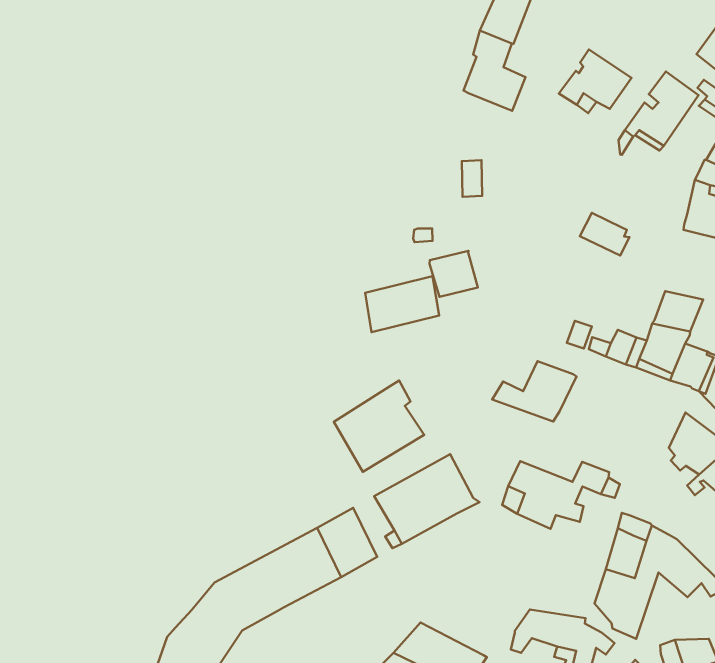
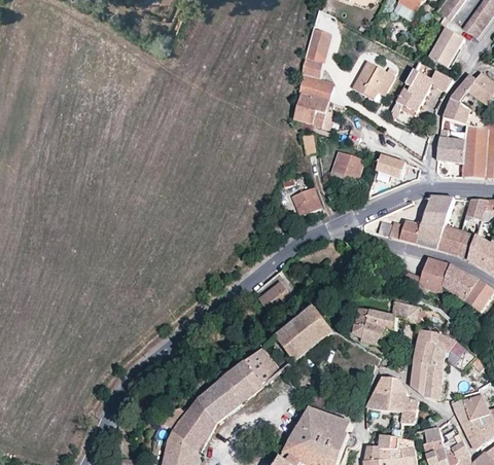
building: none -> [293,96,332,131]
building: none -> [326,153,360,185]
building: [365,276,439,332] -> none
building: [492,361,576,421] -> [402,259,450,293]
building: none -> [374,374,407,392]

